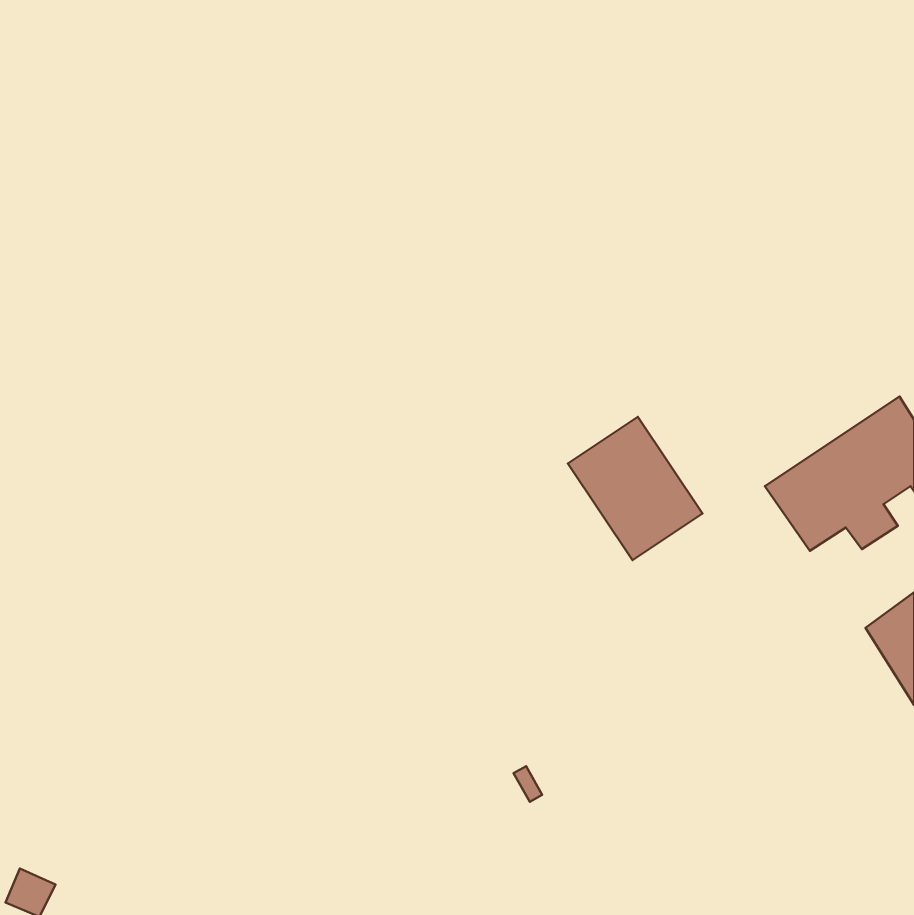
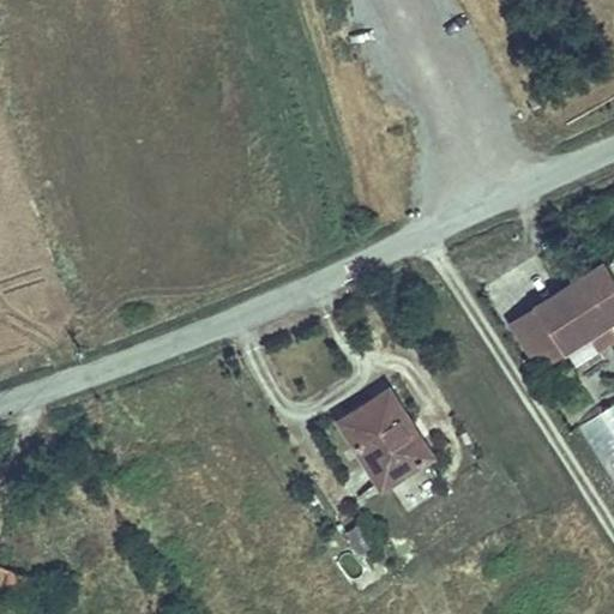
building: [568,417,702,560] -> [343,390,433,486]

